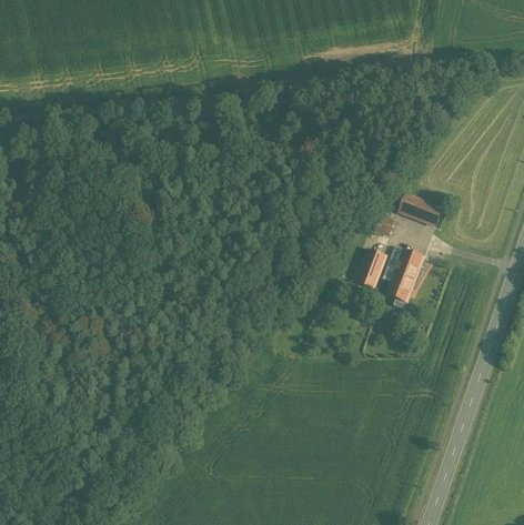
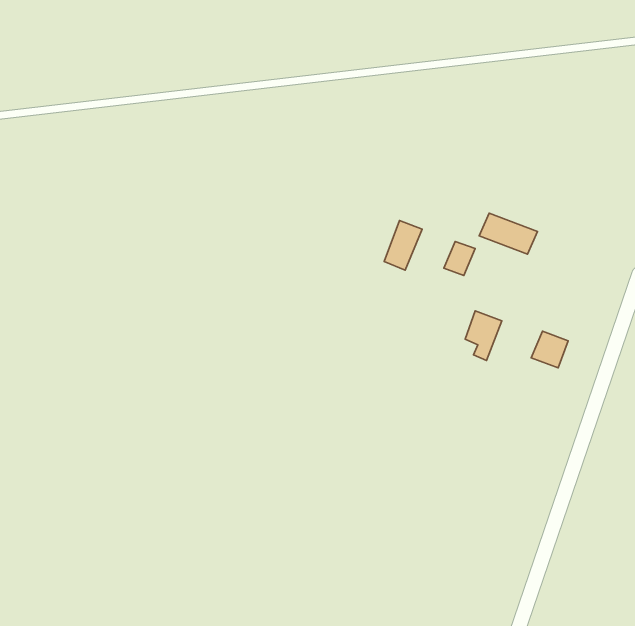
building: [356,249,386,287] -> [384,221,422,270]
building: [394,249,423,277] -> [531,331,568,368]

